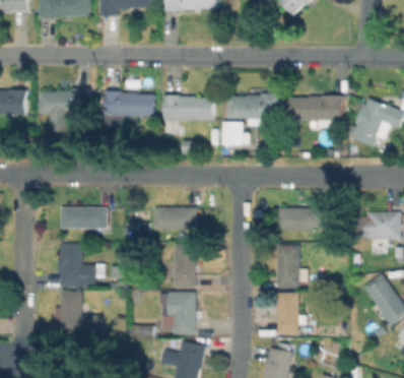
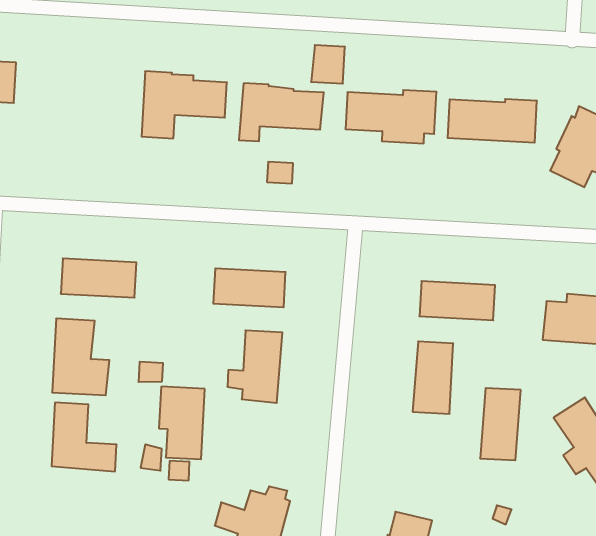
building: [40,88,89,138] -> none
building: [224,124,244,146] -> [311,45,345,84]
building: [169,292,195,334] -> [159,387,205,459]
building: [277,293,299,335] -> [480,388,521,460]

